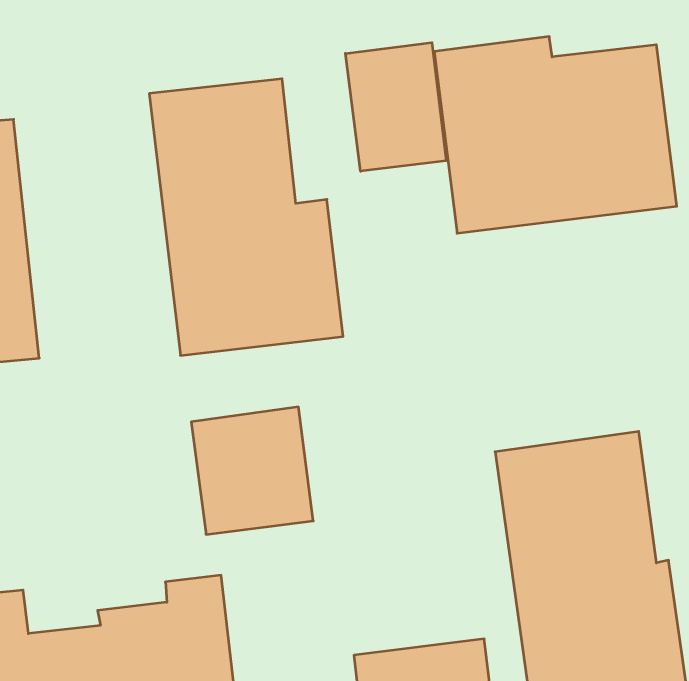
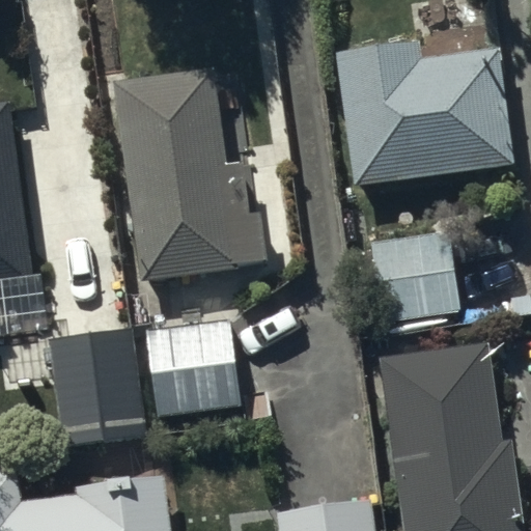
building: [345,43,446,171] -> none
building: none -> [369,234,459,320]
building: none -> [45,322,144,446]

